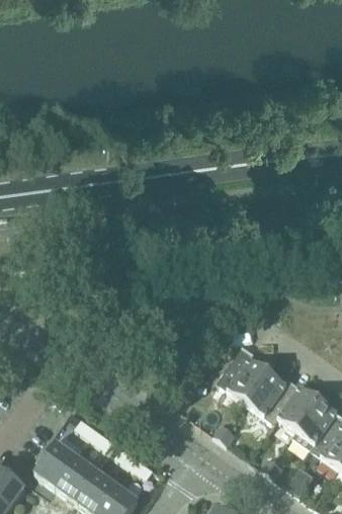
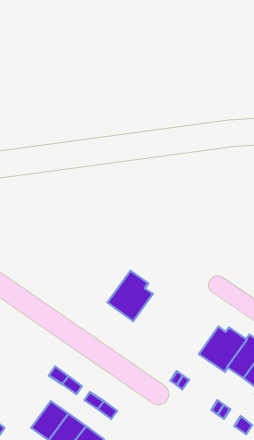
building: [218,347,269,405] -> [107,271,153,321]
building: [35,443,78,489] -> none

